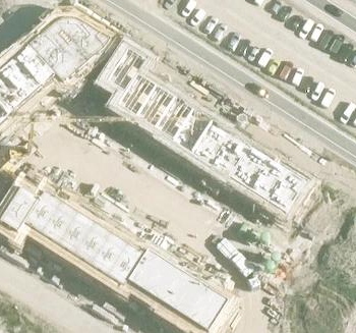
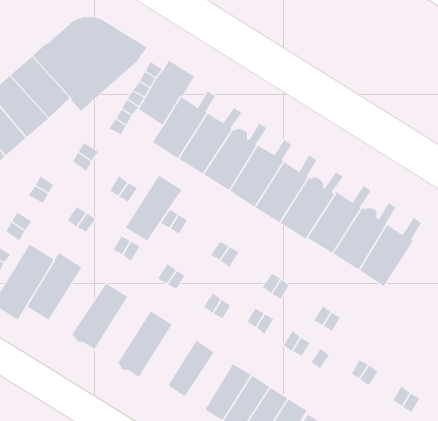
building: [37,198,78,246] -> [125,175,182,242]
building: [70,219,111,268] -> none
building: [103,239,144,289] -> none
building: [136,260,171,301] -> none

